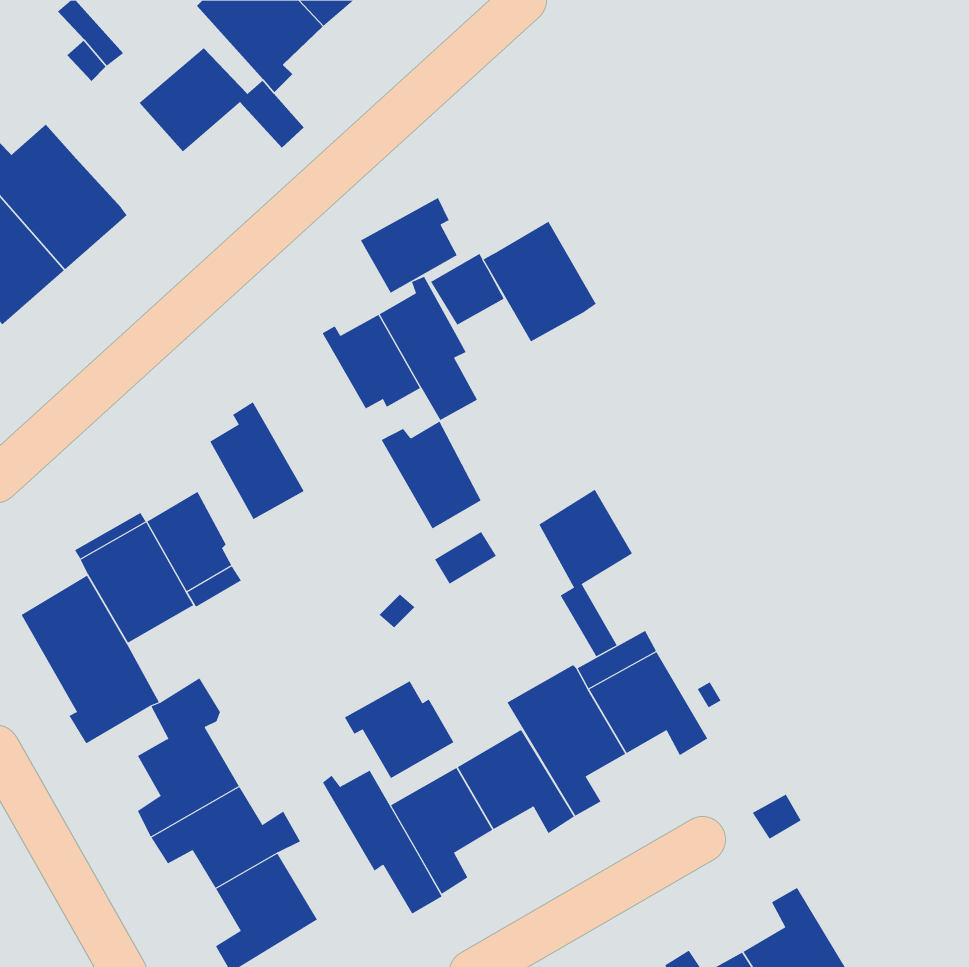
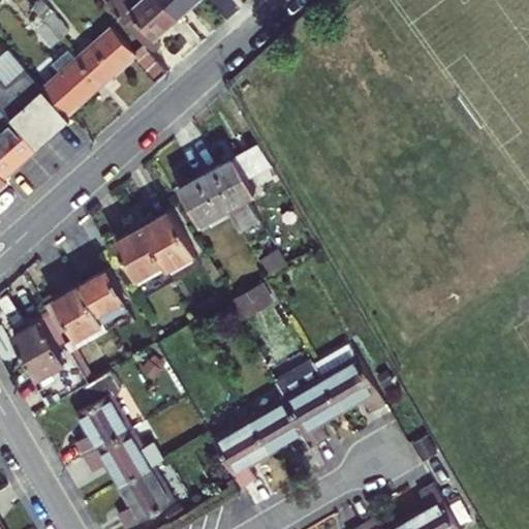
building: none -> [41,51,99,116]
building: [360,197,457,293] -> none
building: [483,221,597,342] -> none
building: [381,421,482,529] -> [137,211,192,270]
building: [539,489,633,657] -> none
building: [344,681,454,779] -> none
building: [322,770,442,915] -> none

